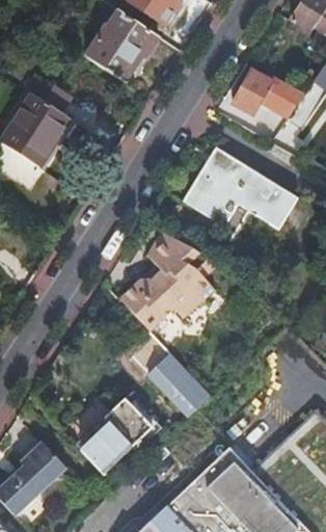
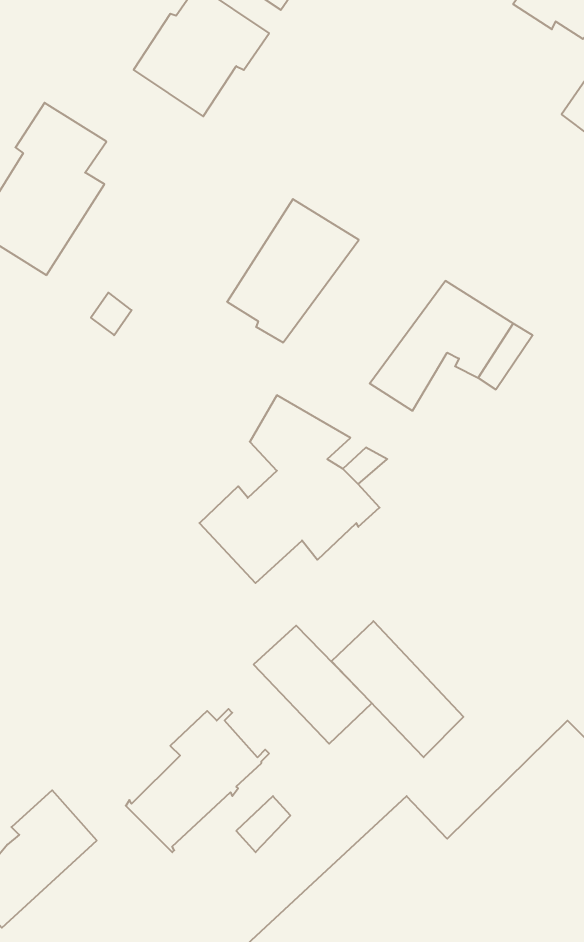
building: [232,71,303,117] -> none
building: [181,148,251,224] -> [227,199,359,342]
building: none -> [331,621,463,757]

